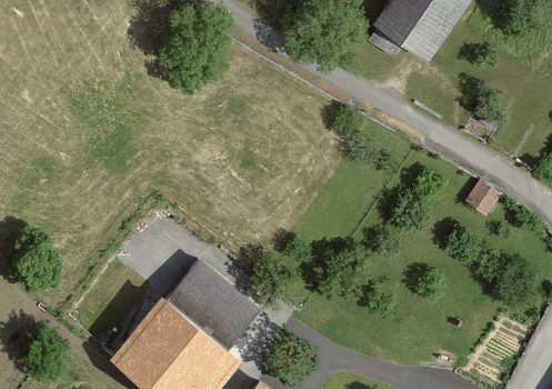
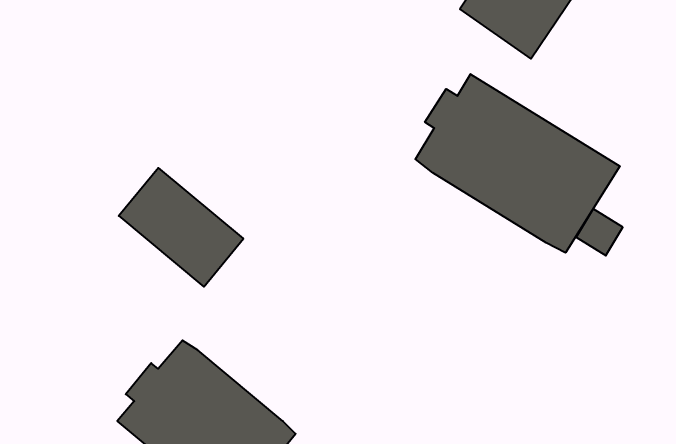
building: none -> [415,74,620,253]
building: [165,257,263,350] -> [119,168,243,287]

